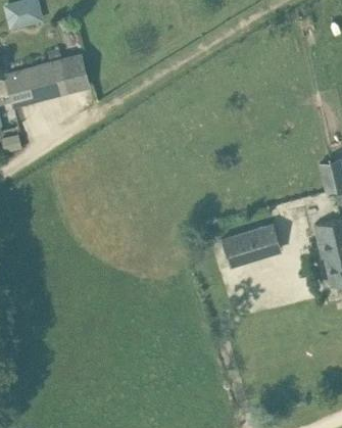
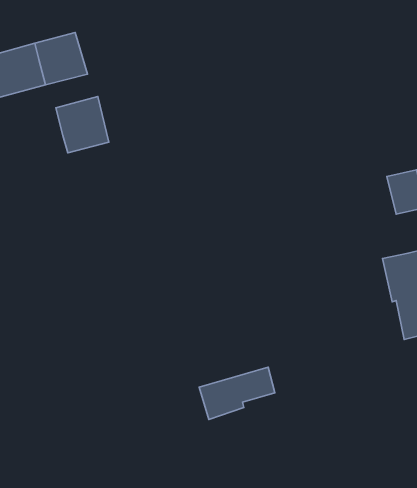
building: none -> [56,96,109,153]
building: [223,229,280,269] -> [199,367,275,420]

